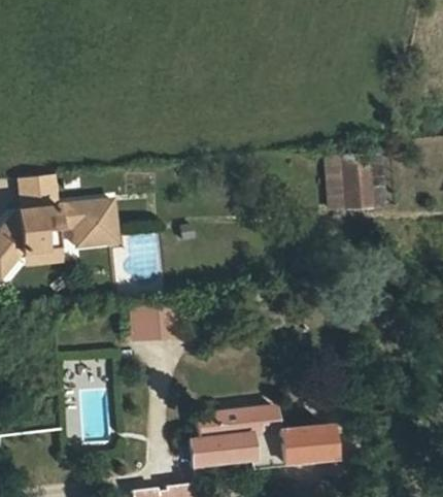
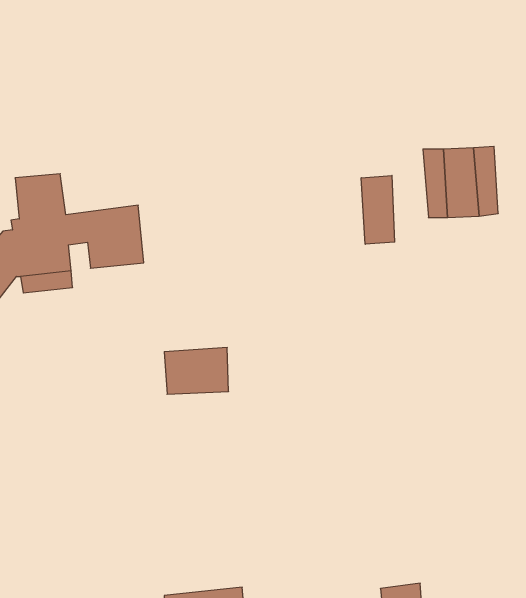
building: none -> [361,175,395,244]
building: [190,407,328,468] -> none

